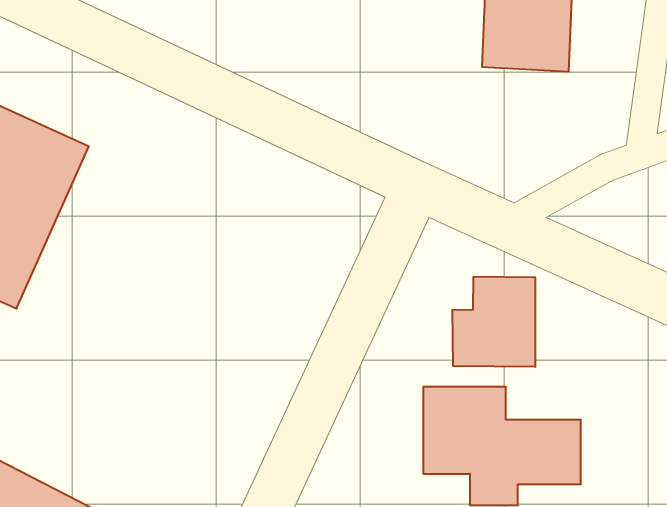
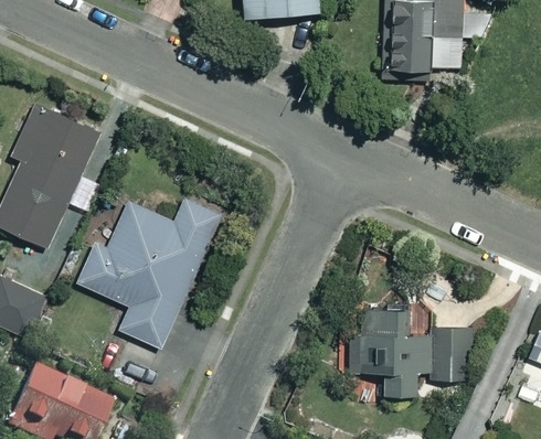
building: none -> [79,195,224,349]
building: [453,277,535,367] -> none

